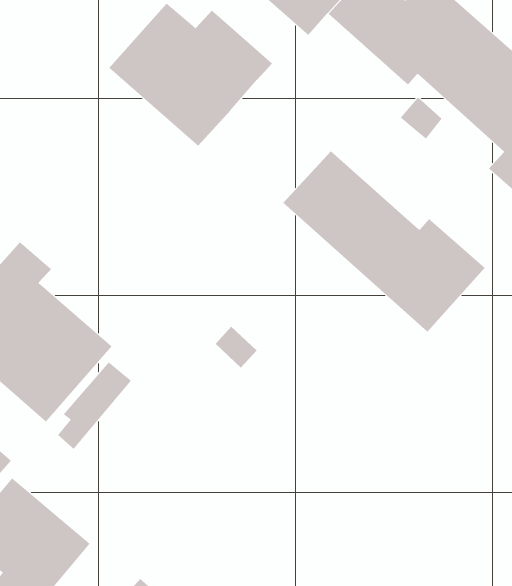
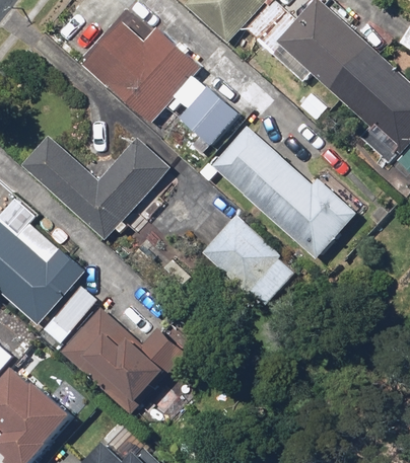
building: none -> [172,75,236,144]
building: none -> [22,135,167,238]
building: none -> [199,212,295,307]
building: none -> [60,305,186,415]

